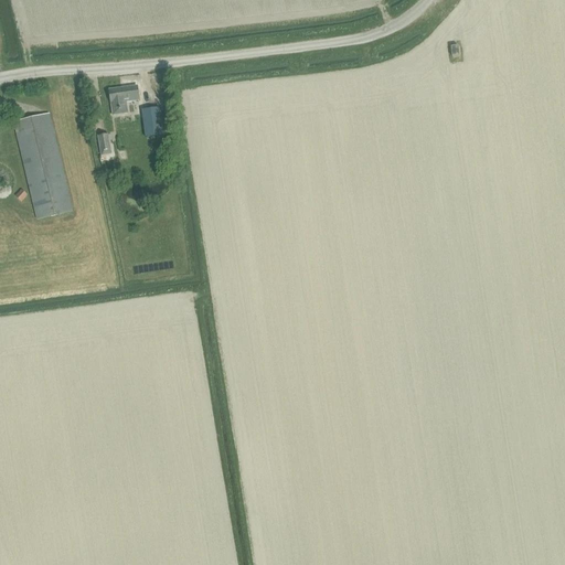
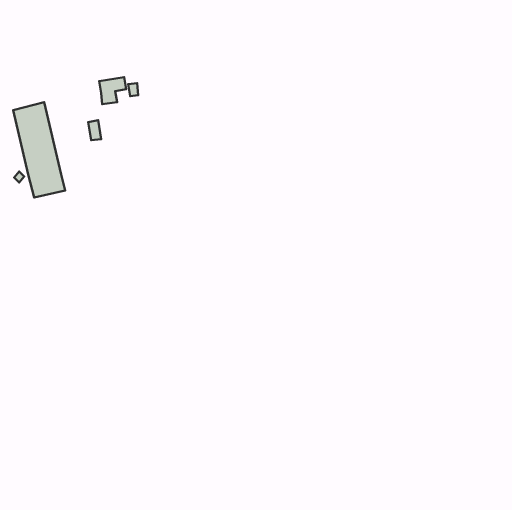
building: [141,106,163,136] -> none

